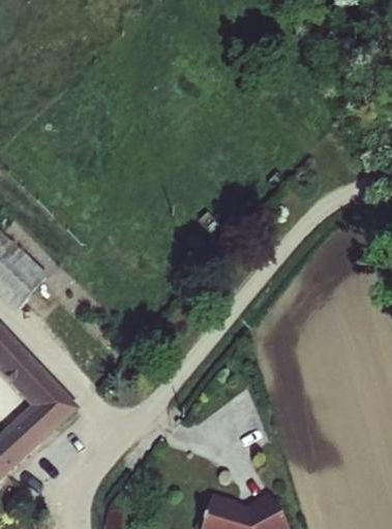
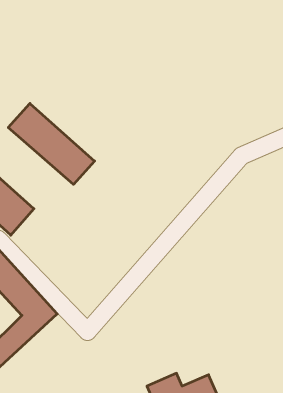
building: none -> [8,103,95,184]

